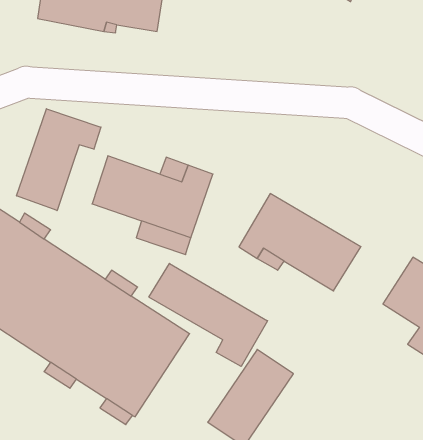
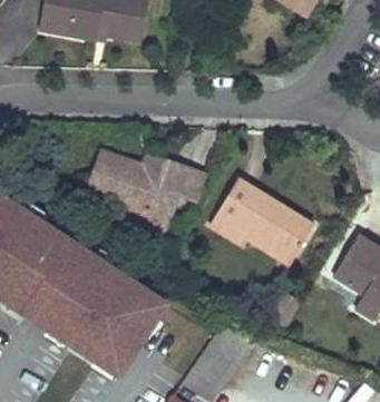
building: [17,109,101,211] -> none
building: [149,263,268,366] -> none

